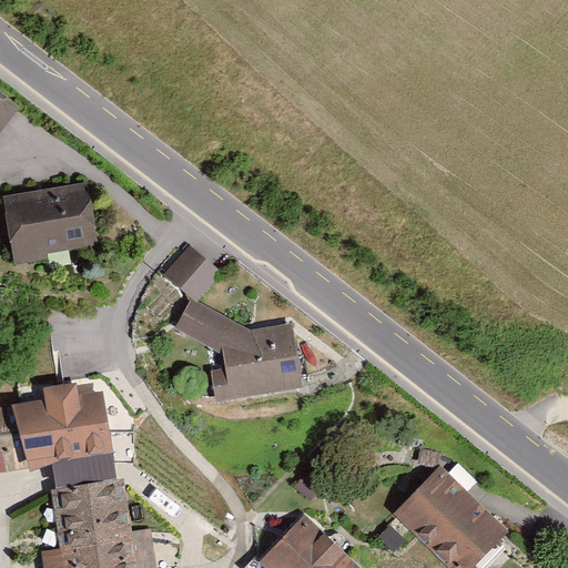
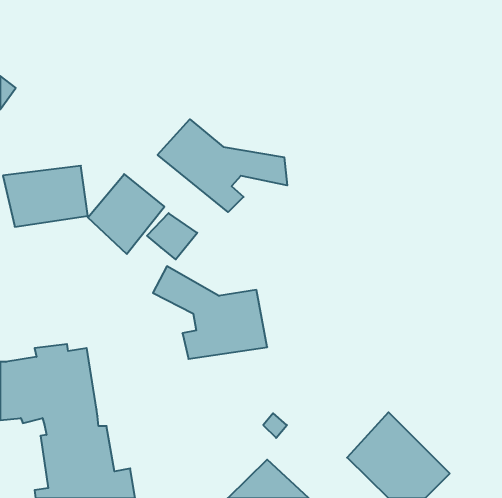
building: none -> [158,119,287,212]
building: none -> [88,174,164,254]

